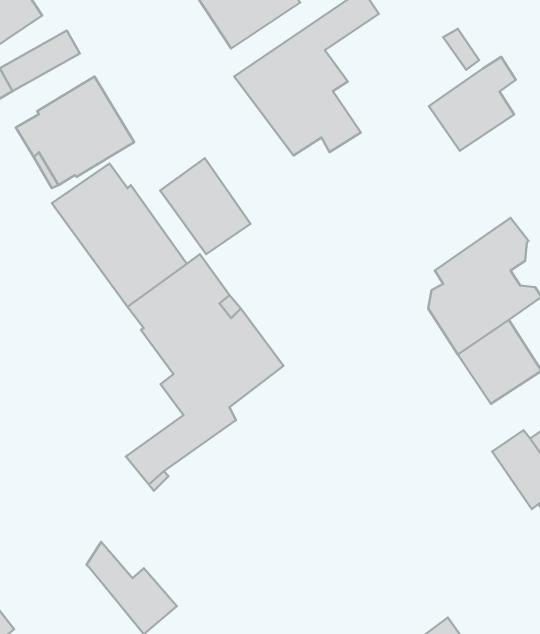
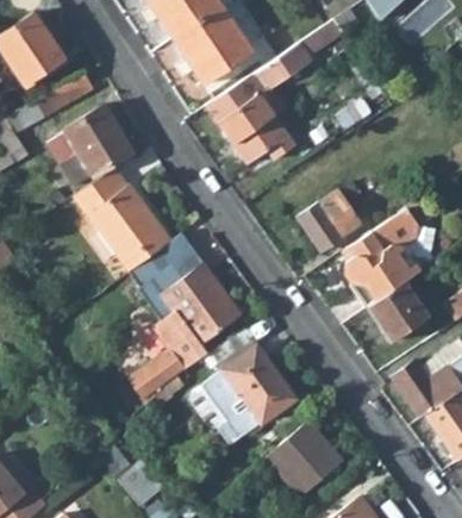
building: [429,57,516,151] -> [299,182,362,250]
building: [160,158,251,254] -> none
building: none -> [191,345,296,447]
building: none -> [266,420,343,498]

